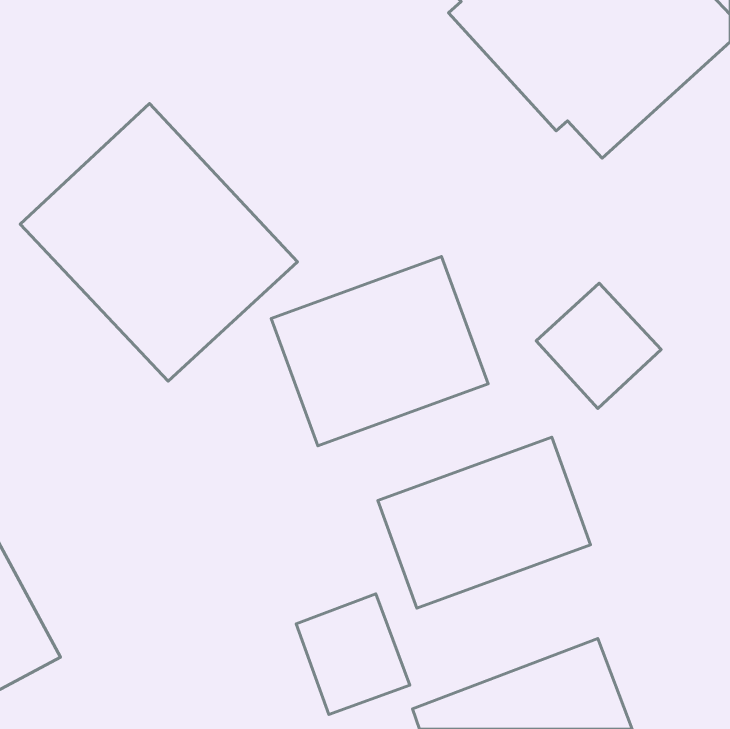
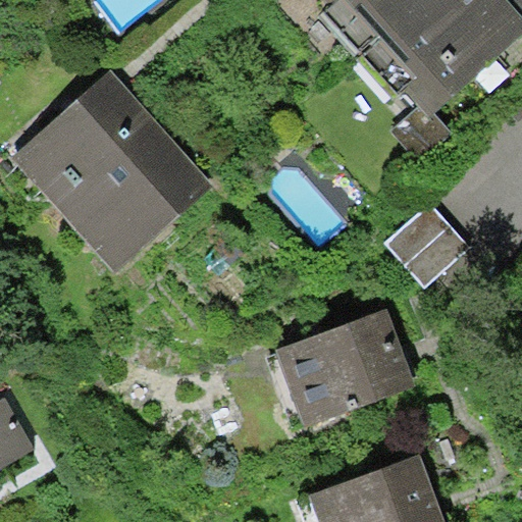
building: [271,257,488,446] -> none
building: [296,594,410,714] -> none

